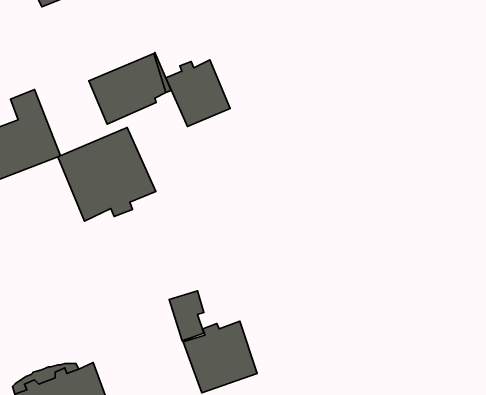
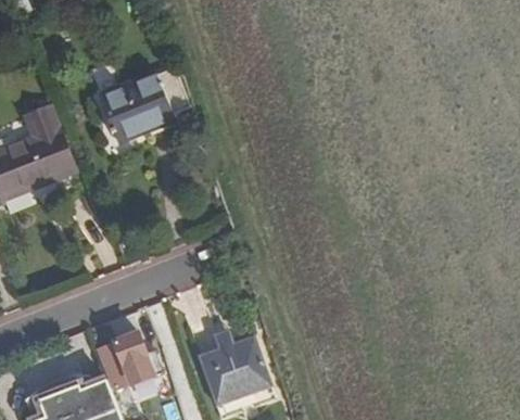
building: [166,60,230,127] -> none
building: [58,127,156,221] -> none
building: none -> [100,331,170,384]

